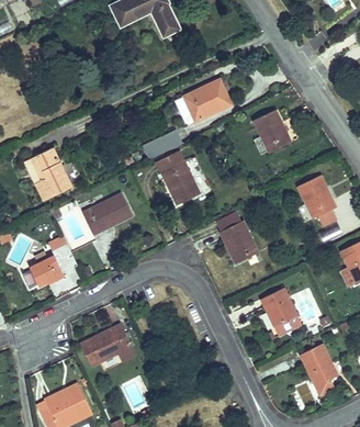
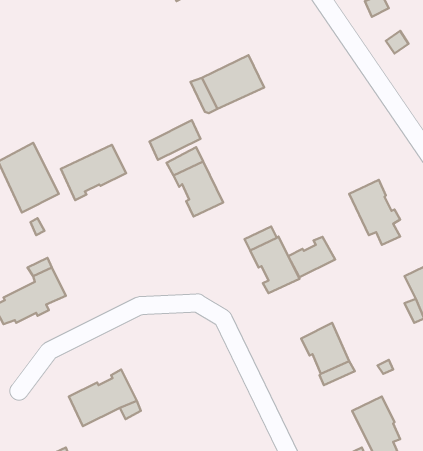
building: [254,109,292,153] -> none
building: [82,193,133,236] -> [61,145,126,200]
building: none -> [288,237,335,278]

